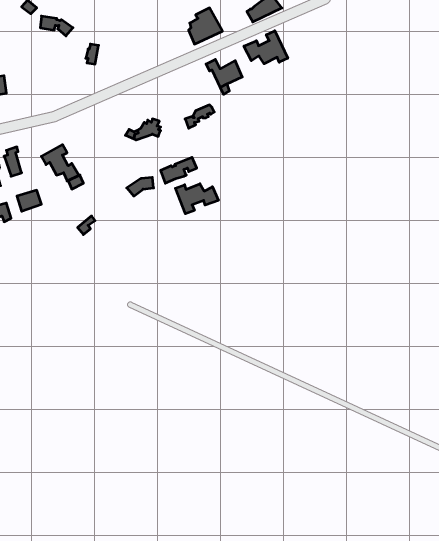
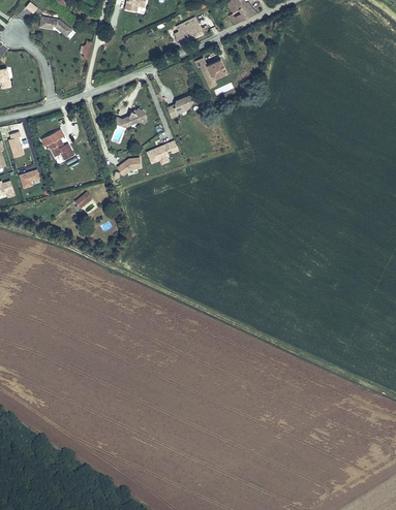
building: [244,31,288,64] -> none
building: [175,184,218,214] -> none

